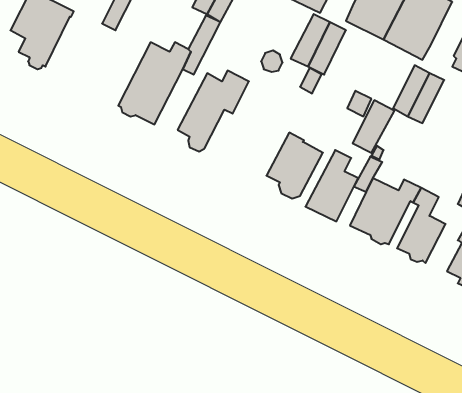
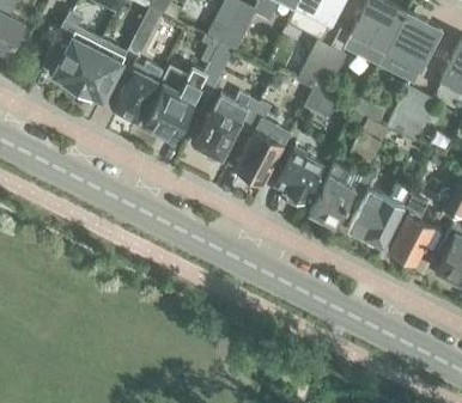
building: none -> [78,38,123,100]
building: none -> [113,63,163,122]
building: none -> [235,102,288,183]

